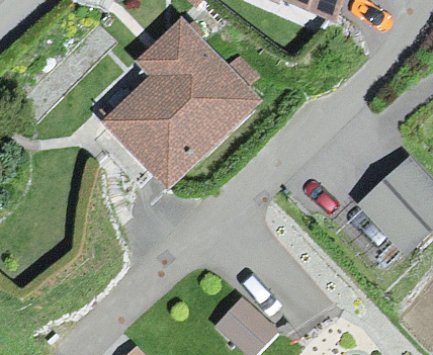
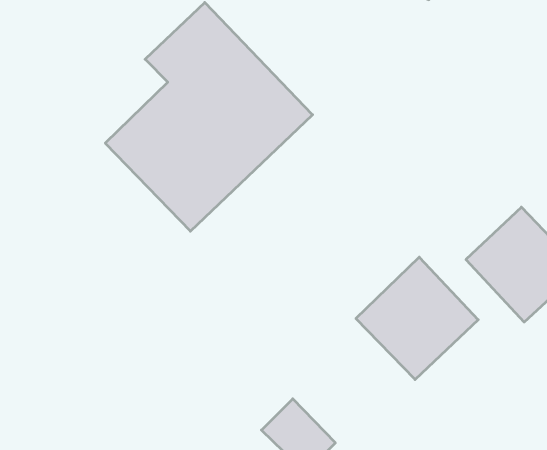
building: none -> [356,257,478,380]

